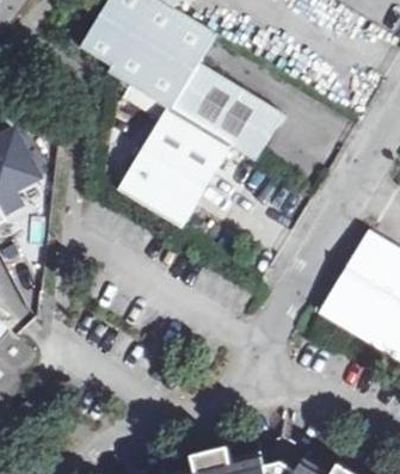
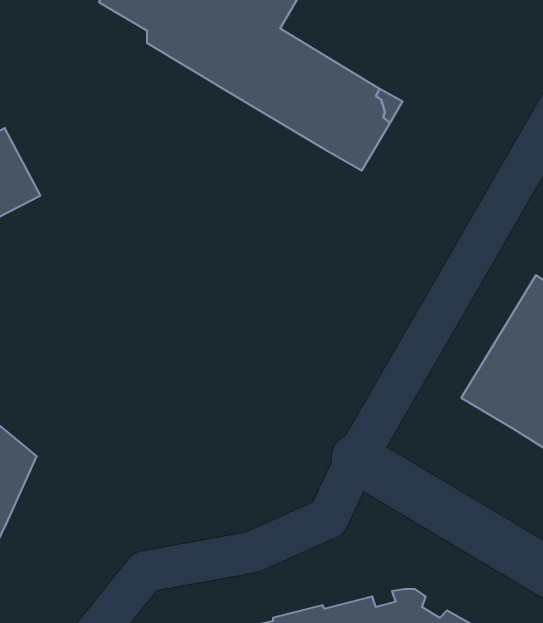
building: [118,109,227,228] -> none

